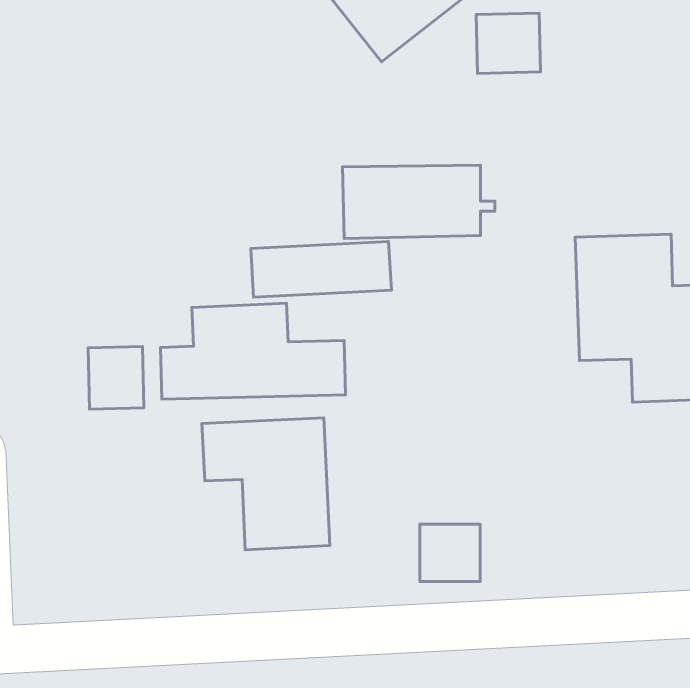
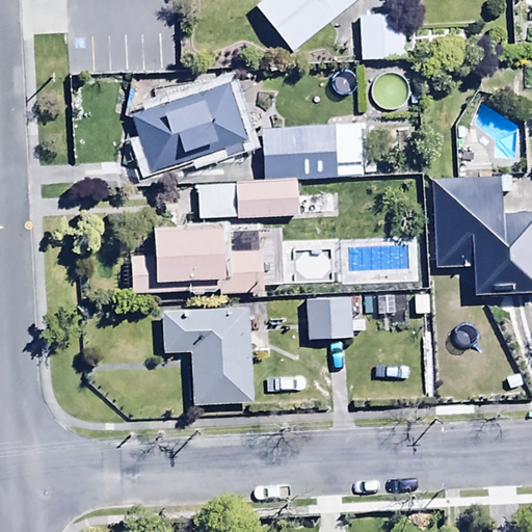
building: none -> [132,78,248,170]
building: [88,346,144,409] -> none
building: [420,524,480,582] -> [308,297,351,339]

